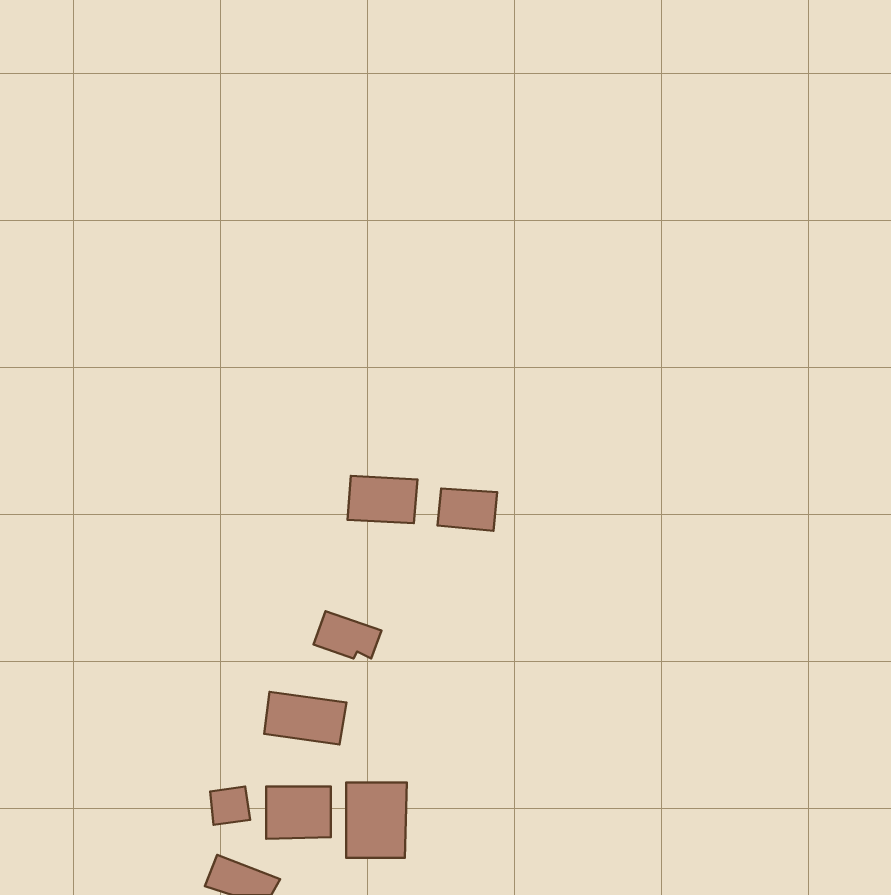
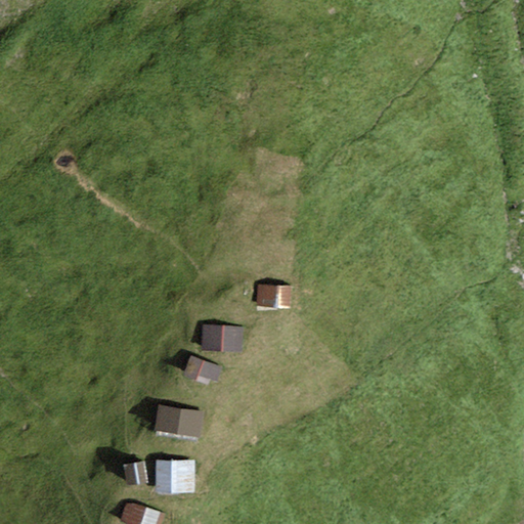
building: [347,476,417,523] -> [202,326,243,354]
building: [346,783,407,858] -> none

